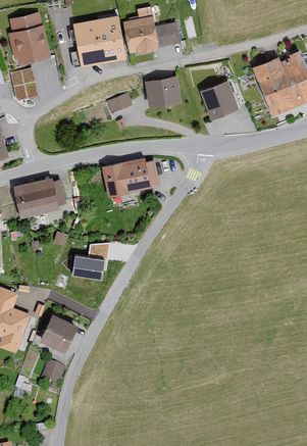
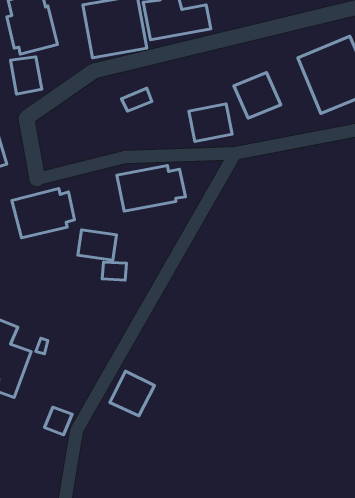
building: [144,75,181,106] -> [189,104,232,141]
building: [72,256,105,282] -> [78,230,117,260]
building: [39,314,76,352] -> [110,371,155,416]

